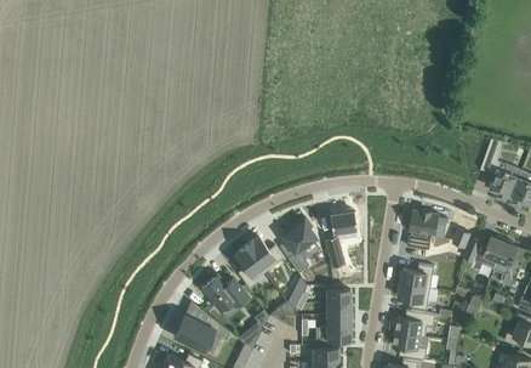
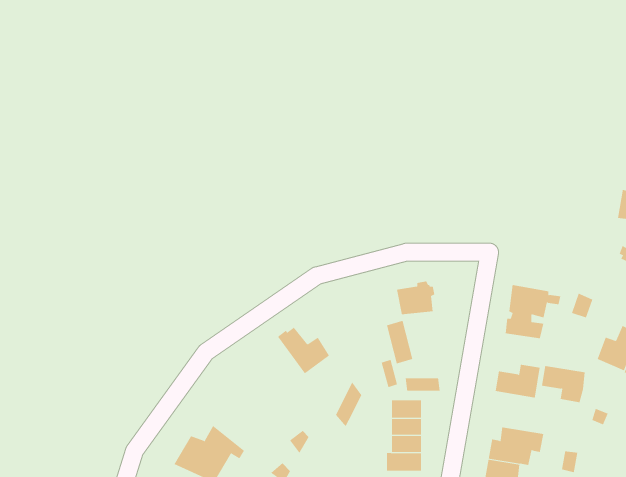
building: [281,219,316,273] -> none
building: [234,245,266,289] -> none
building: [201,276,247,312] -> none
building: [399,284,430,311] -> [541,365,585,403]

